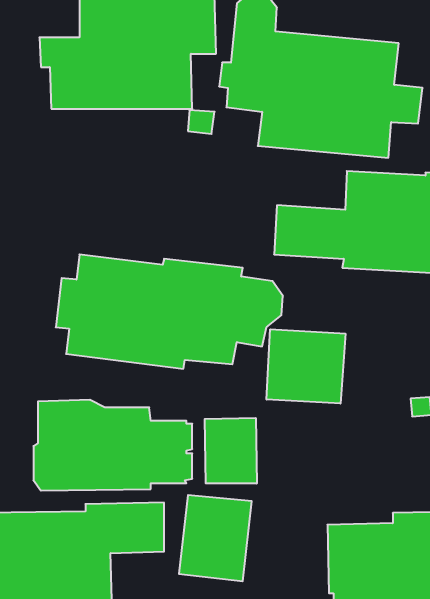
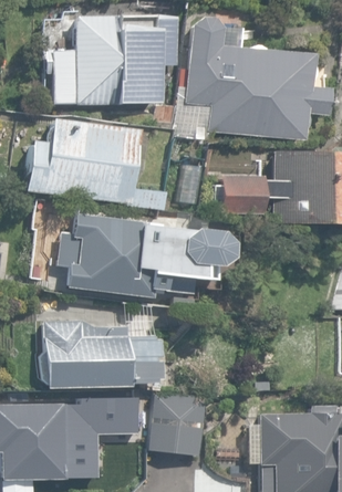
building: none -> [25,119,167,210]
building: [267,329,345,404] -> none
building: [205,418,257,484] -> none

